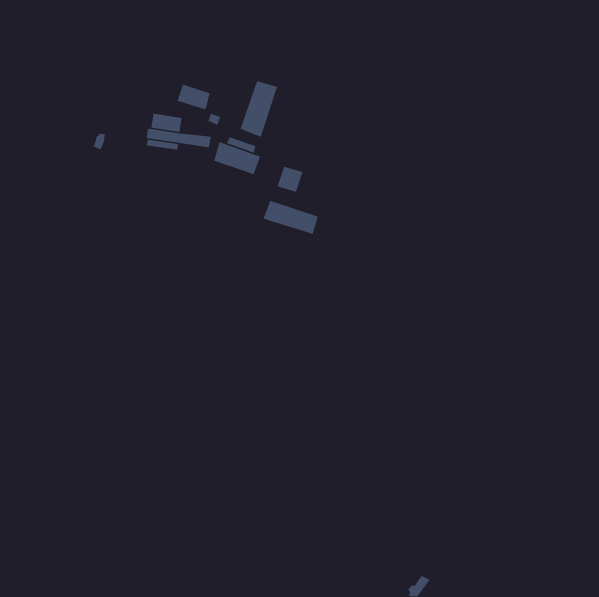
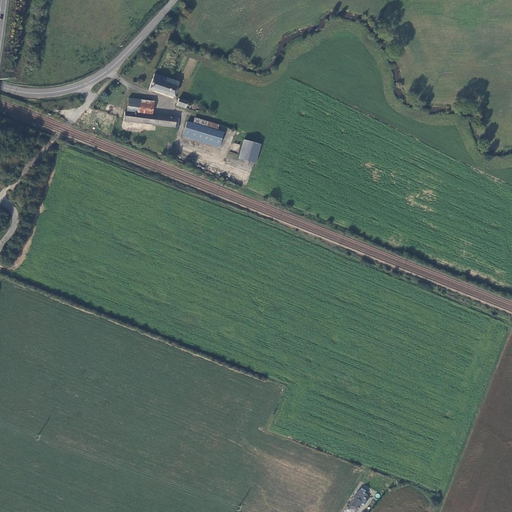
building: [240,80,278,138] -> none
building: [262,200,319,235] -> none

